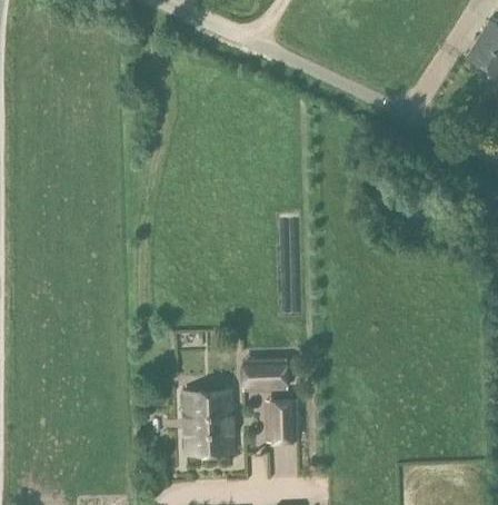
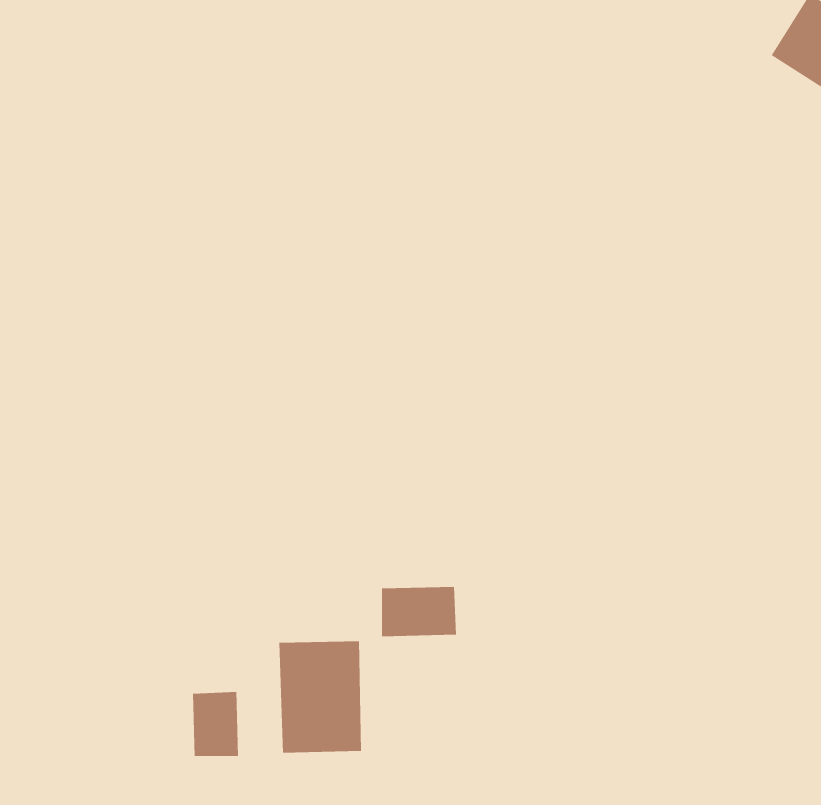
building: [268,400,297,442] -> none
building: none -> [193,691,238,757]

